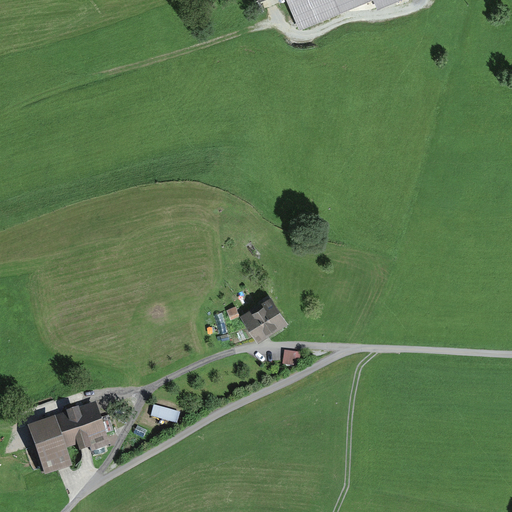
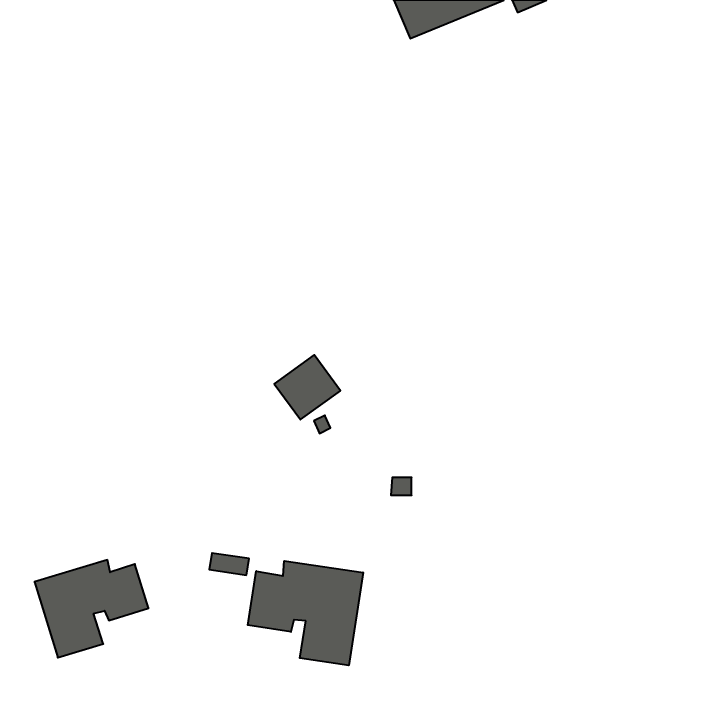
building: [239,293,287,340] -> [274,355,340,420]
building: none -> [248,561,363,665]

